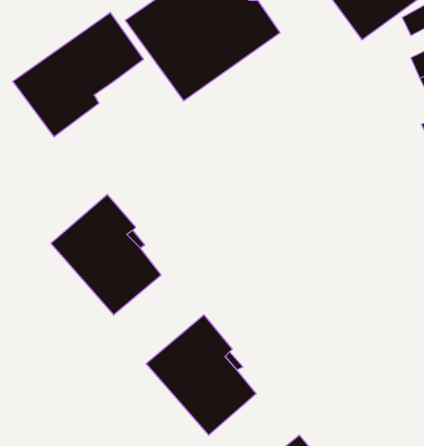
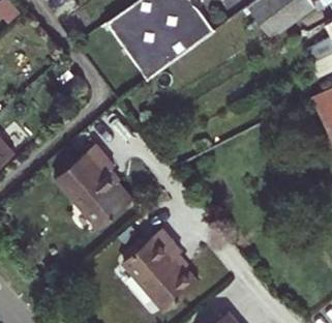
building: [13,12,143,137] -> none

